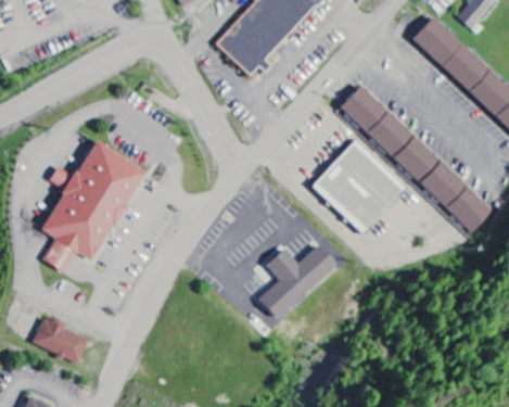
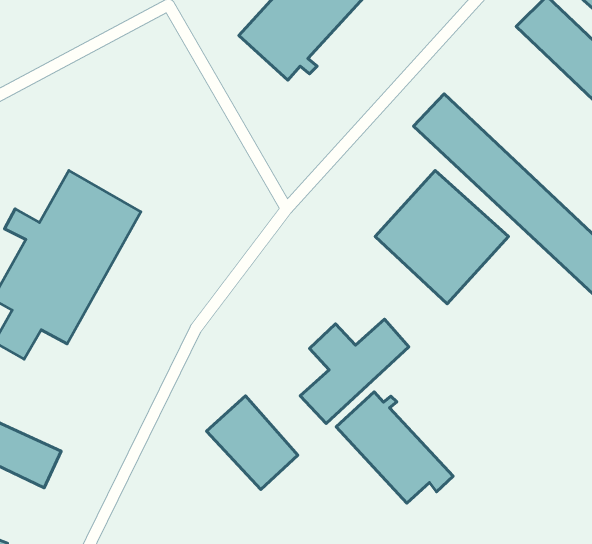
building: none -> [336,392,453,503]
building: none -> [207,396,298,490]

